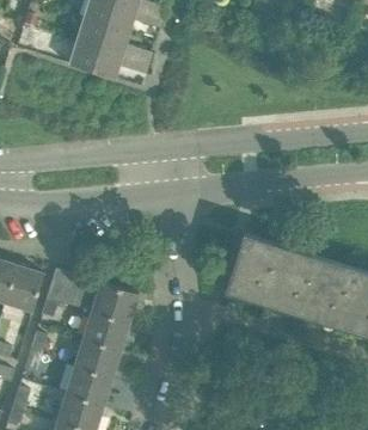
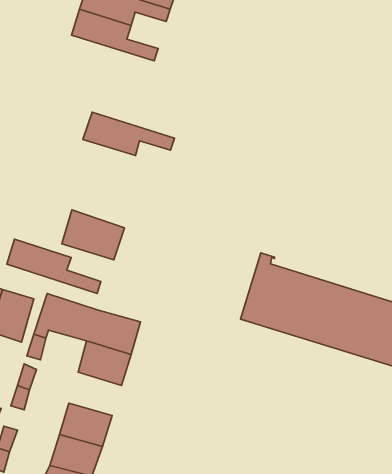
building: [68,41,149,79] -> [83,112,175,156]
building: none -> [62,210,124,260]
building: none -> [7,239,101,293]
building: [74,338,121,376] -> none

